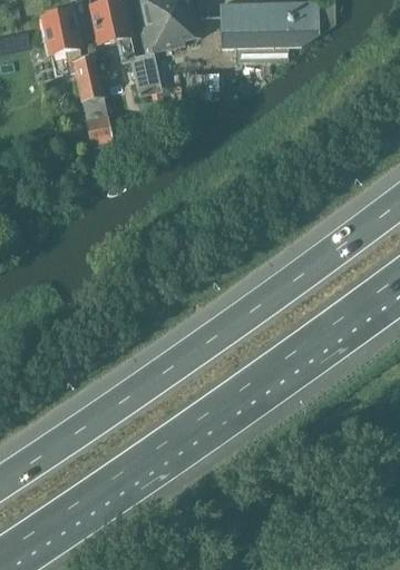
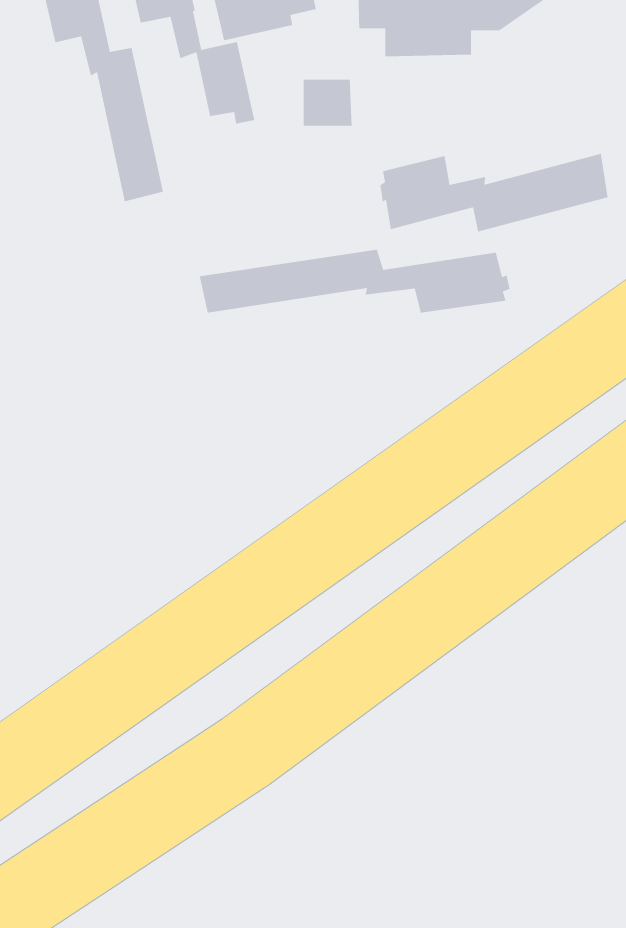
building: none -> [379,153,608,232]
building: none -> [199,249,510,313]

